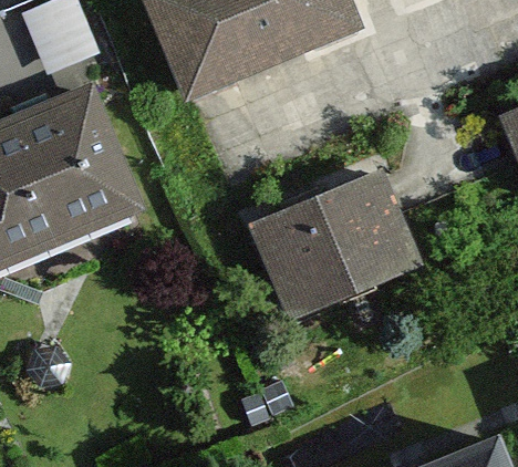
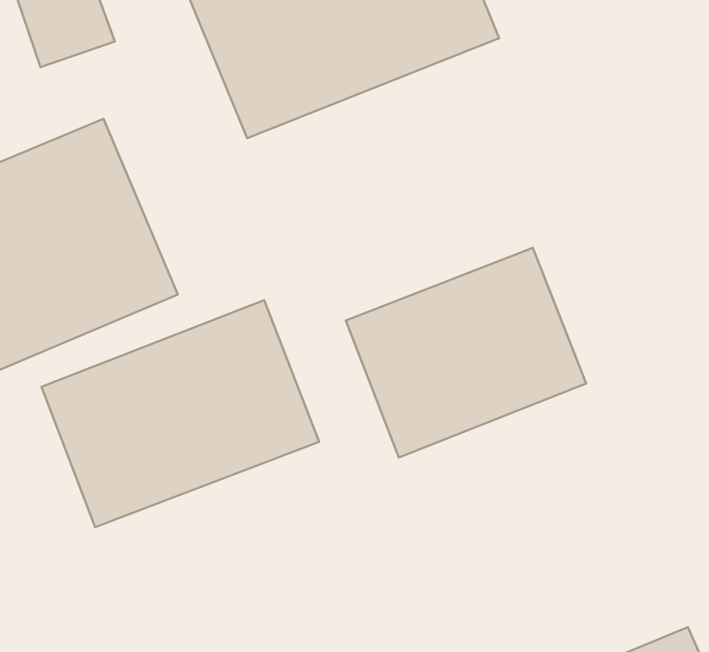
building: none -> [41,300,319,527]

